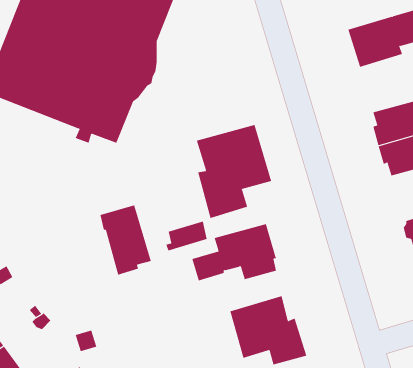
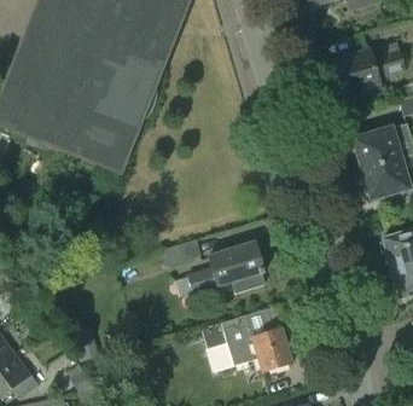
building: [196,124,272,219] -> none
building: [100,205,151,275] -> none

